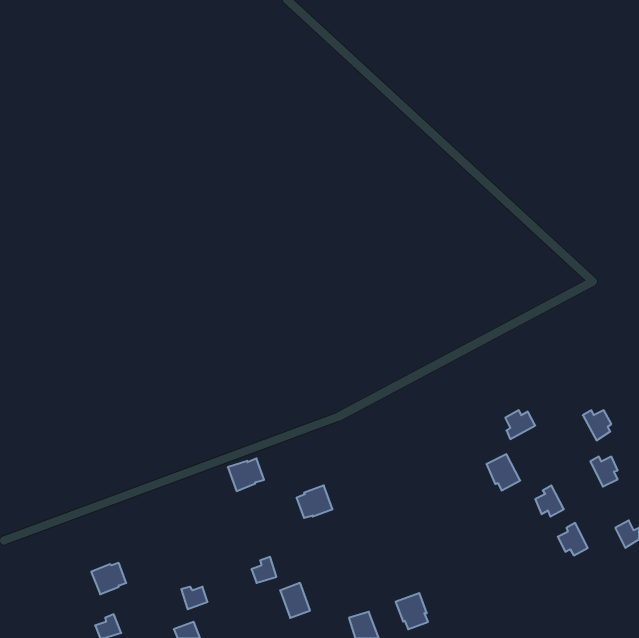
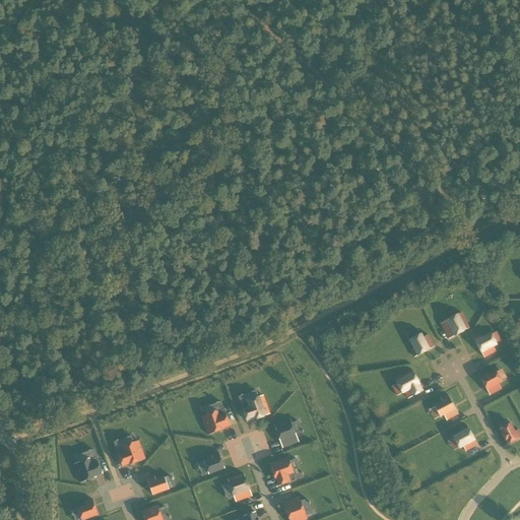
building: none -> [441,312,469,338]
building: [228,458,264,491] -> [201,408,231,435]
building: none -> [274,418,299,447]
building: none -> [116,440,145,466]
building: [396,593,428,629] -> [269,456,296,485]

